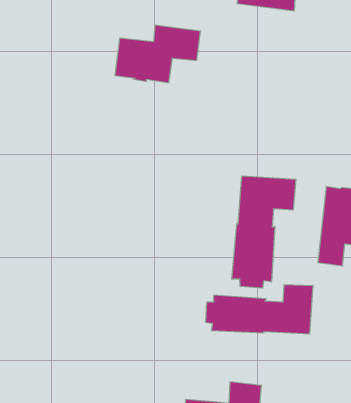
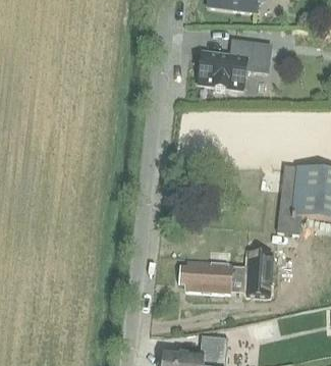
building: [115,25,201,83] -> [198,40,272,90]
building: [232,176,296,288] -> none

